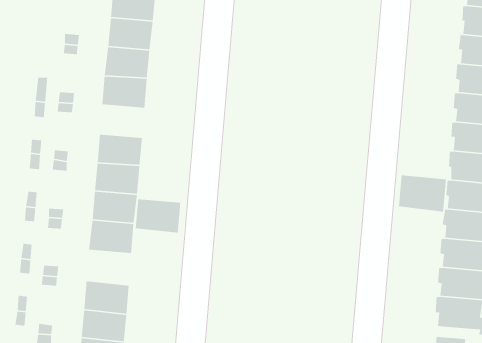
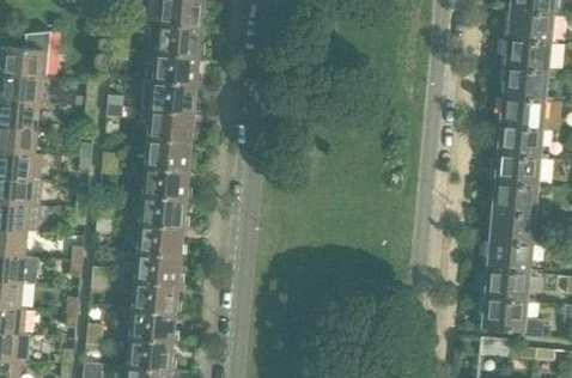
building: none -> [147,109,193,141]
building: [398,175,447,213] -> none
building: [135,198,181,234] -> [134,252,179,287]

